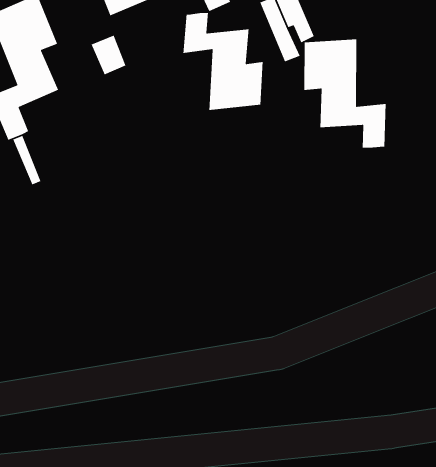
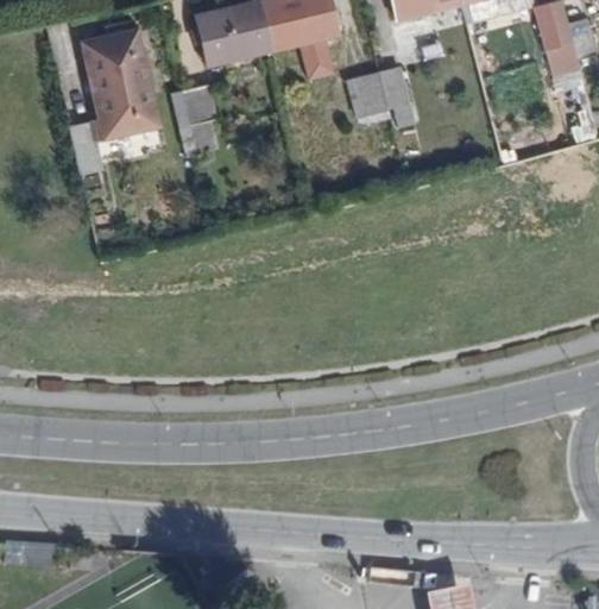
building: [182,12,264,111] -> none
building: [304,38,387,149] -> none

